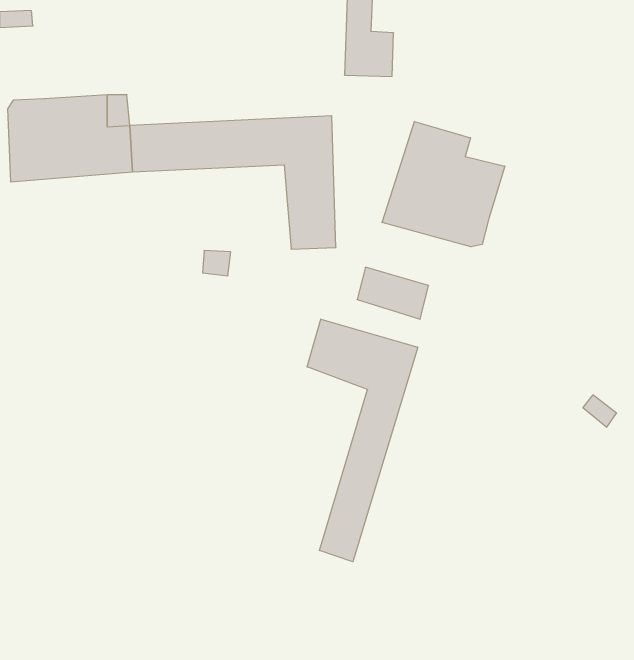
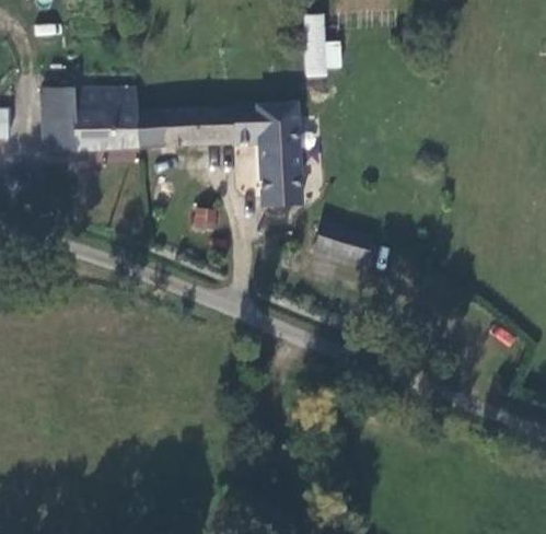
building: [382,121,505,247] -> none
building: [307,319,418,562] -> none

